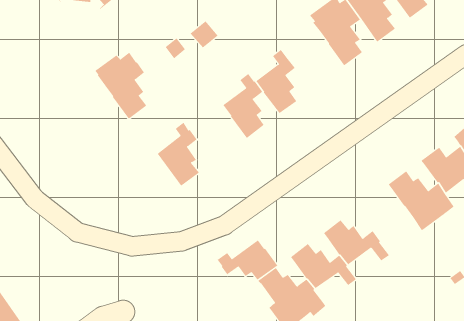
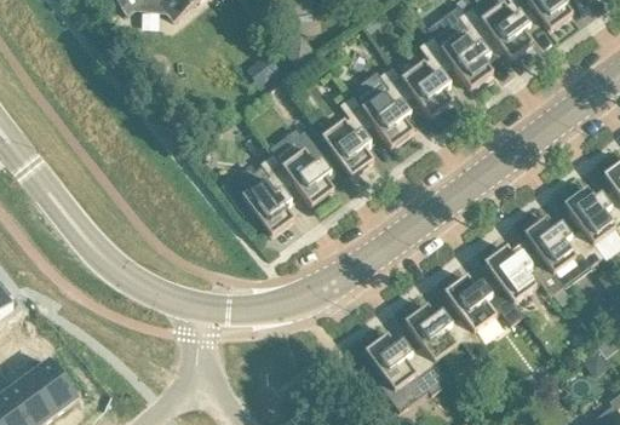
building: none -> [401,34,453,116]
building: [95,52,147,120] -> [270,122,334,205]
building: none -> [484,245,572,304]
building: [217,240,278,280] -> none

